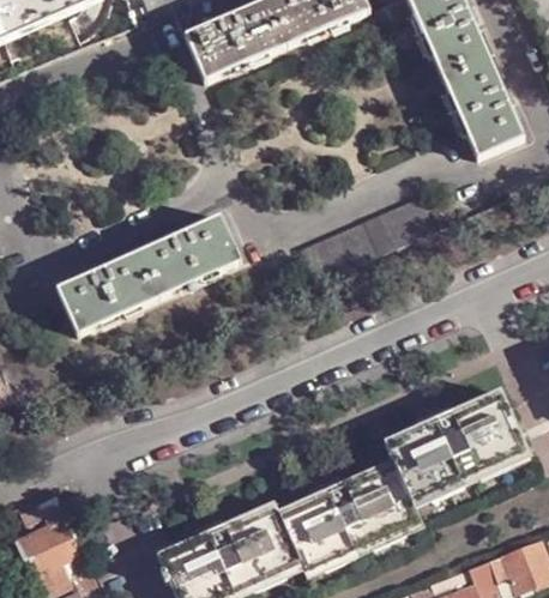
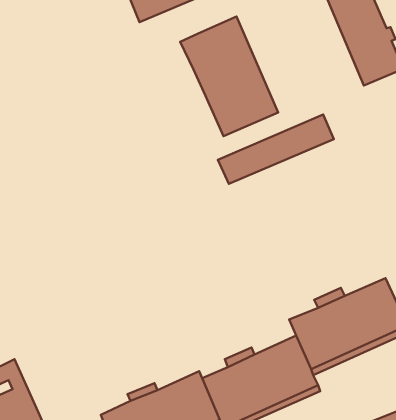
building: none -> [180,17,278,136]
building: [55,213,240,334] -> none

